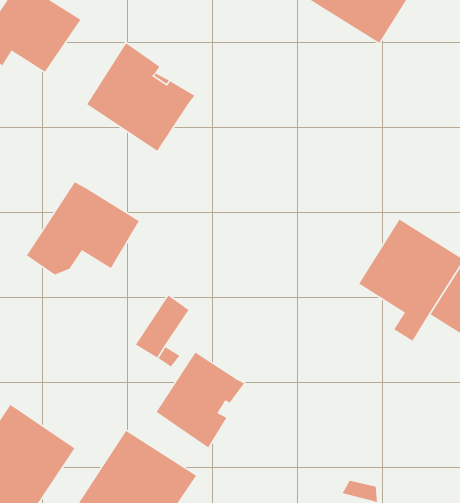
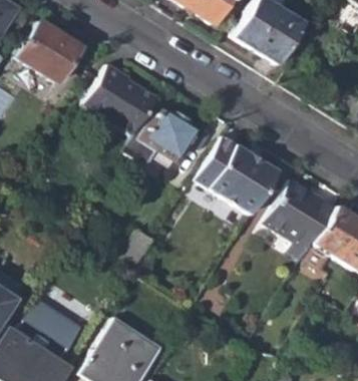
building: none -> [196,136,281,217]
building: [26,181,140,275] -> [123,103,199,165]
building: [155,351,245,448] -> none

